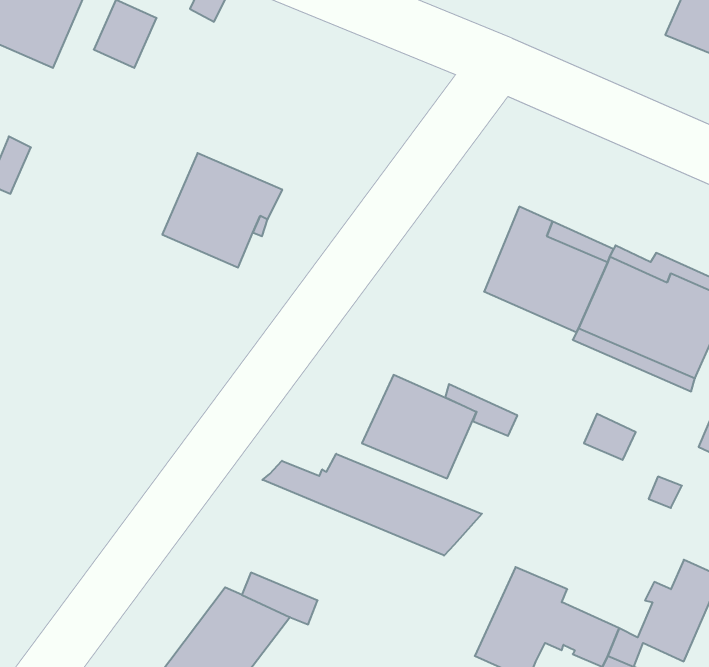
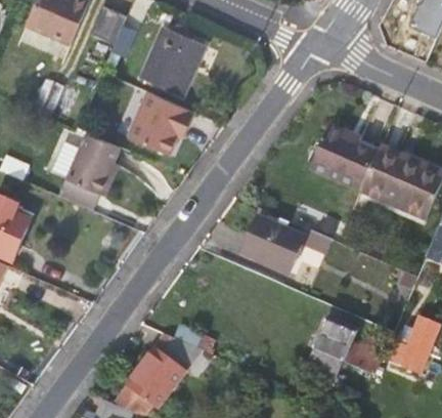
building: none -> [141,27,206,95]
building: none -> [68,132,123,194]
building: [262,454,482,556] -> none

